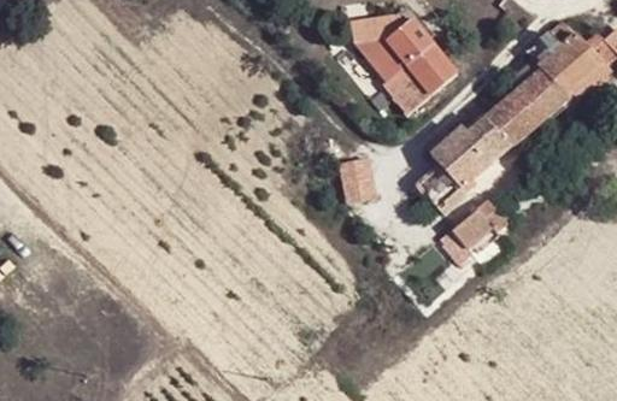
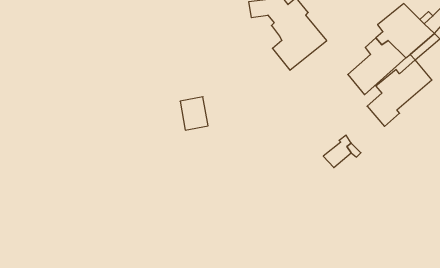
building: [421,119,510,211] -> [367,60,432,126]
building: [336,159,375,205] -> [180,97,208,130]

